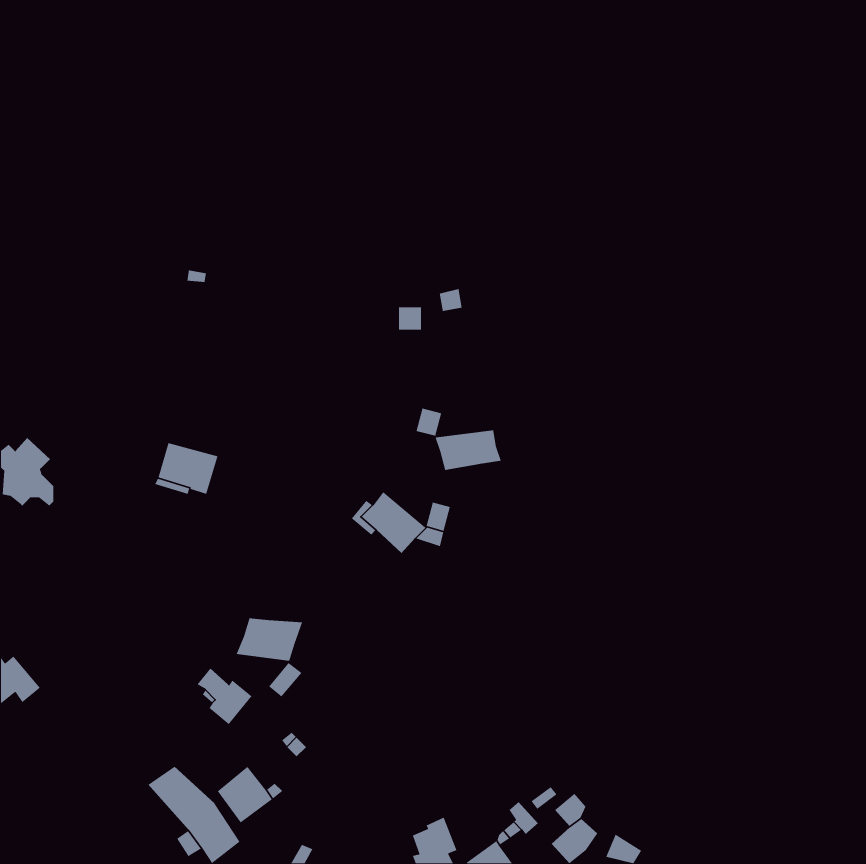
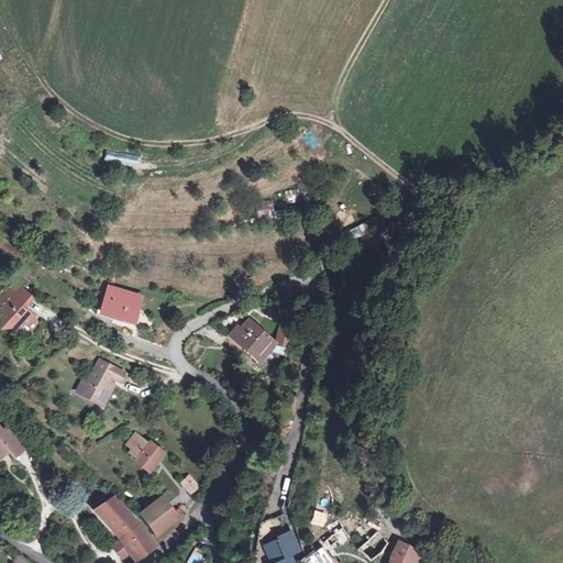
building: [416,408,502,471] -> none
building: none -> [78,360,124,404]
building: [235,618,303,698] -> none

